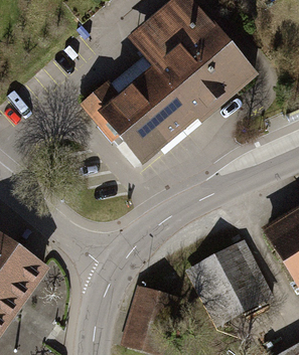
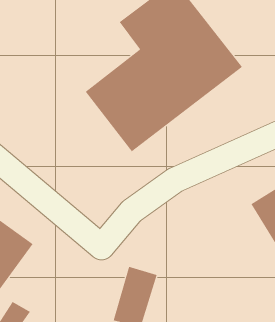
building: [187,243,267,324] -> none

